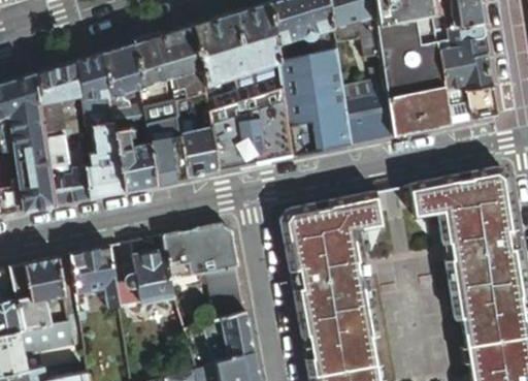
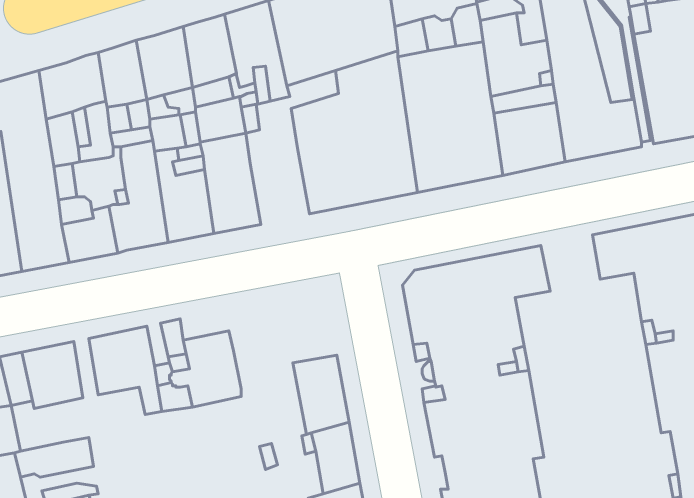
building: [180,127,221,179] -> none
building: [164,224,239,275] -> none
building: [19,298,54,332] -> none

